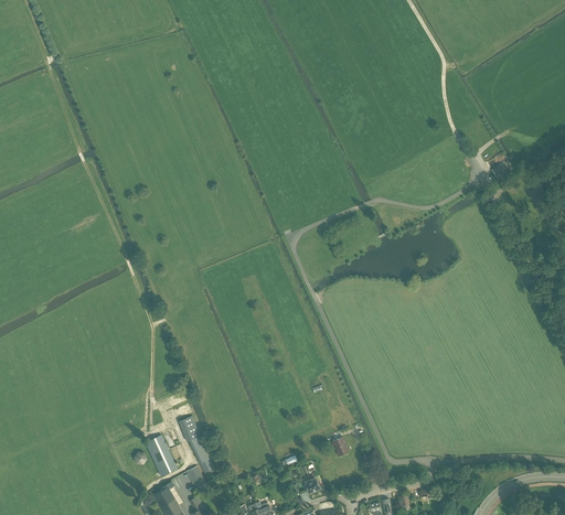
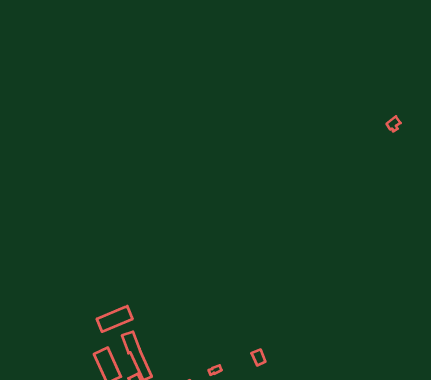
building: none -> [97,306,132,332]

